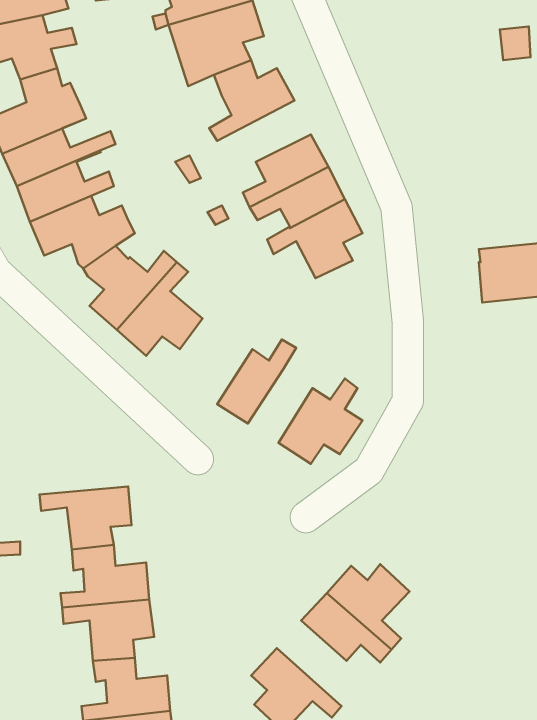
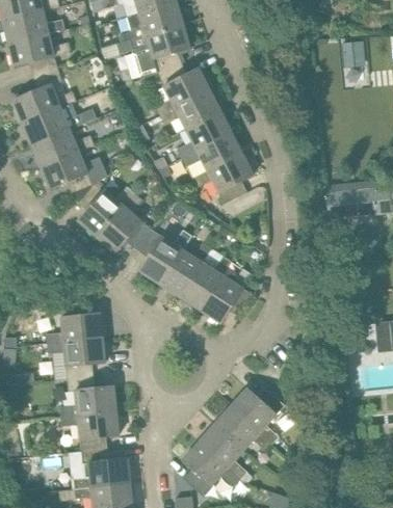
building: none -> [160,89,220,129]
building: none -> [136,230,191,285]
building: none -> [180,257,230,310]
building: none -> [46,302,103,343]
building: none -> [199,424,247,479]

